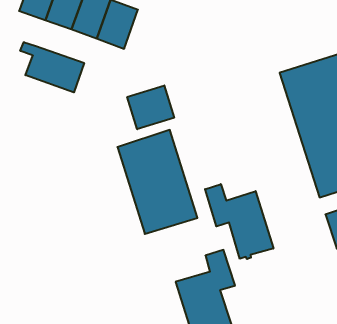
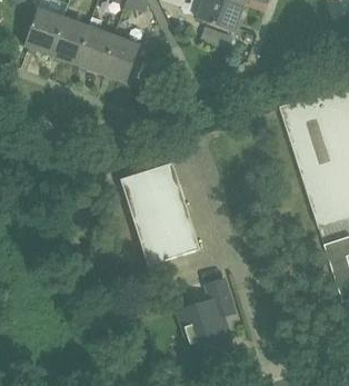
building: [20,42,84,92] -> none
building: [127,85,174,129] -> none
building: [205,184,273,259] -> none

